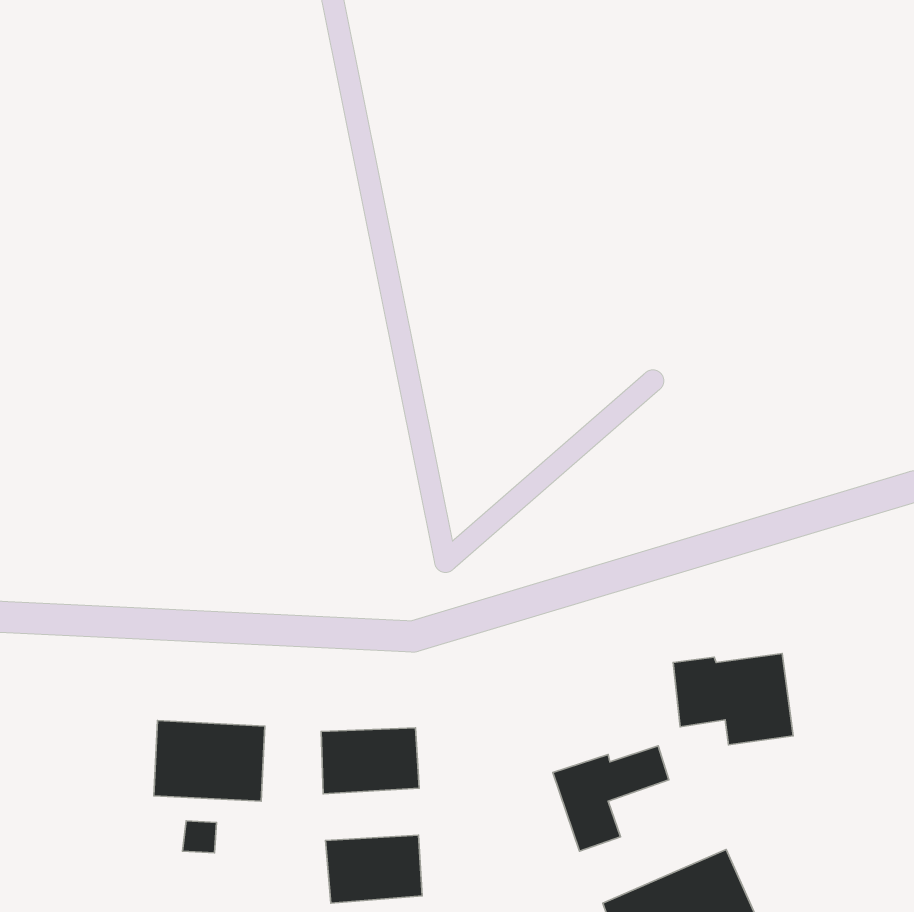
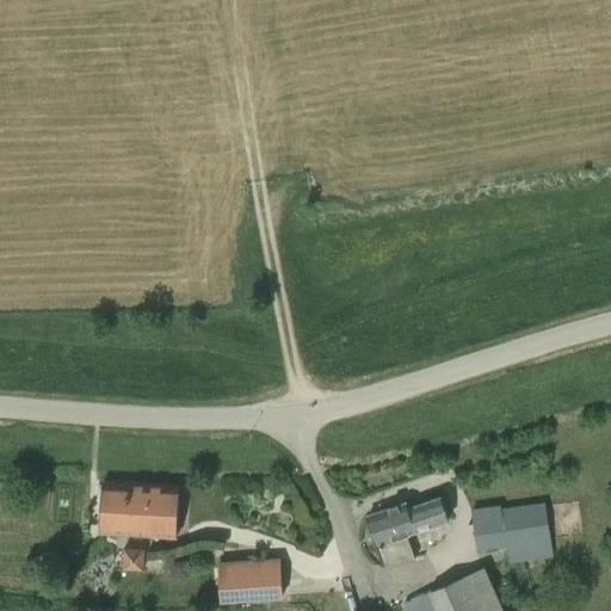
building: [673,654,793,745] -> [471,504,551,564]
building: [321,728,419,794] -> none

